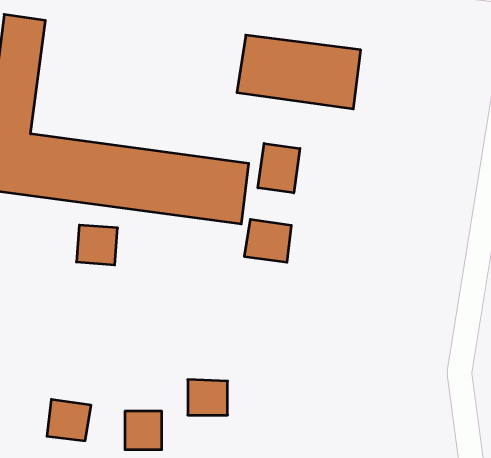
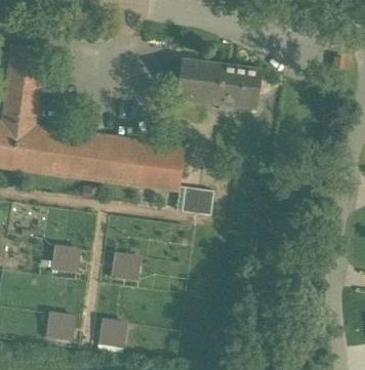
building: [258,143,300,193] -> none
building: [76,225,118,265] -> [51,245,80,273]
building: [188,380,228,415] -> [111,253,138,278]

